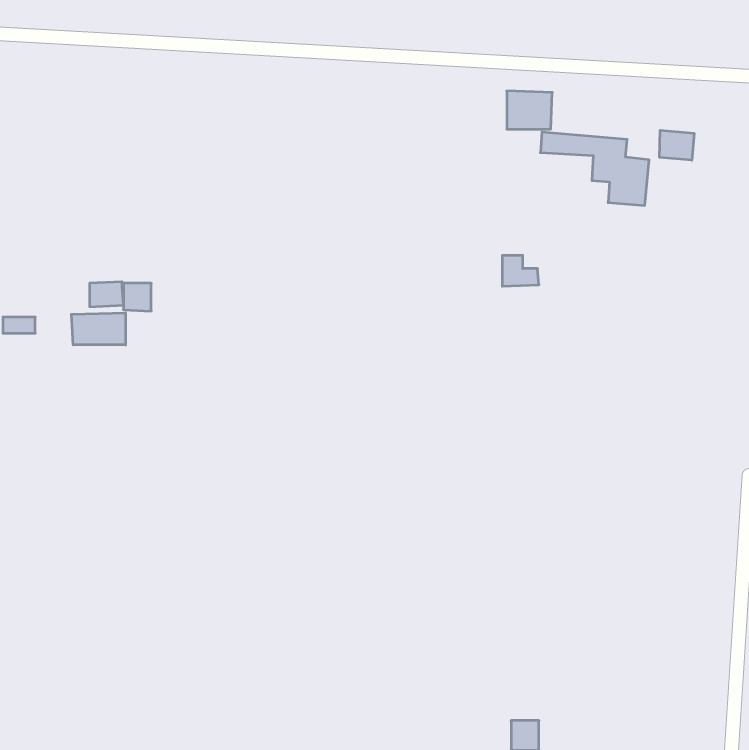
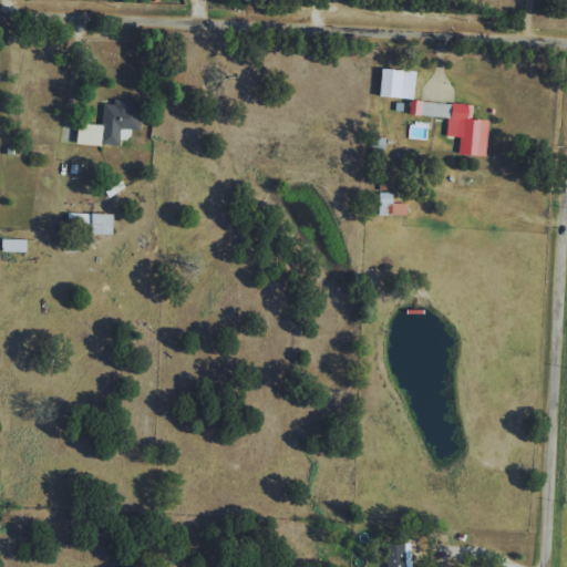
building: [660,130,694,160] -> none
building: none -> [78,100,141,145]
building: [71,313,126,345] -> none

